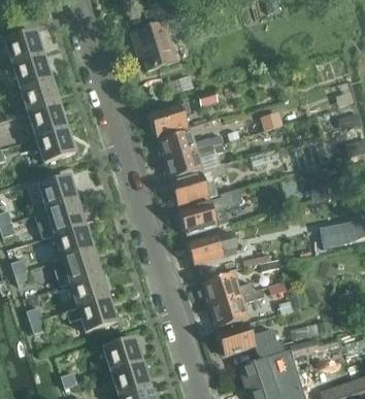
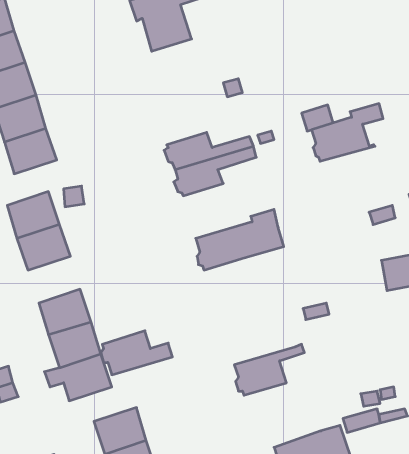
building: [150,104,187,136] -> none
building: [171,163,225,206] -> [312,104,383,161]
building: [54,224,93,259] -> none
building: [187,227,236,264] -> none
building: [200,272,254,305] -> [101,331,172,375]
building: [215,323,284,359] -> none

